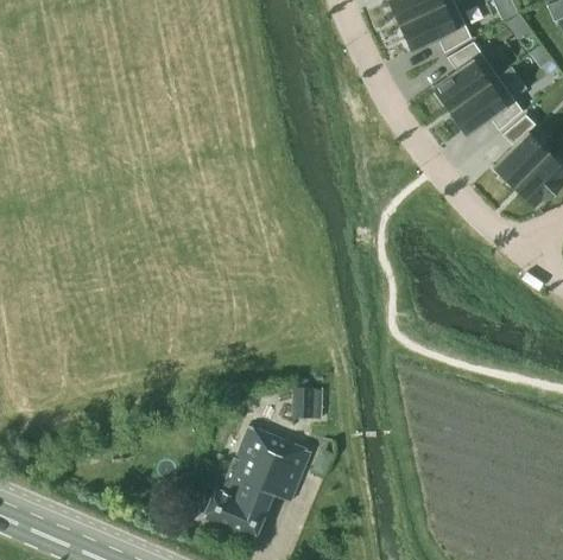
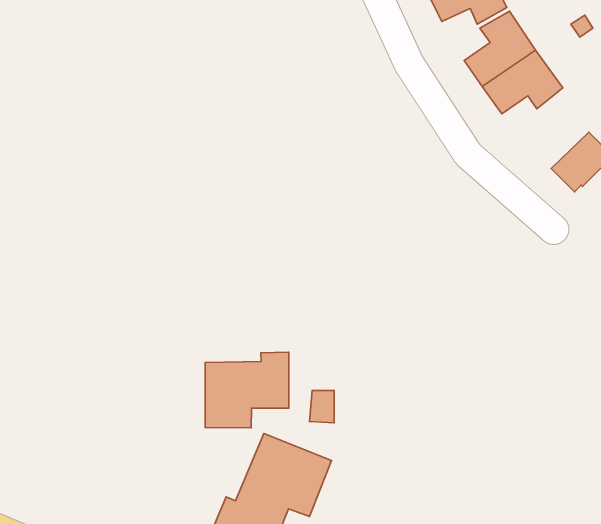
building: [492,113,546,184] -> none
building: none -> [205,352,289,428]

